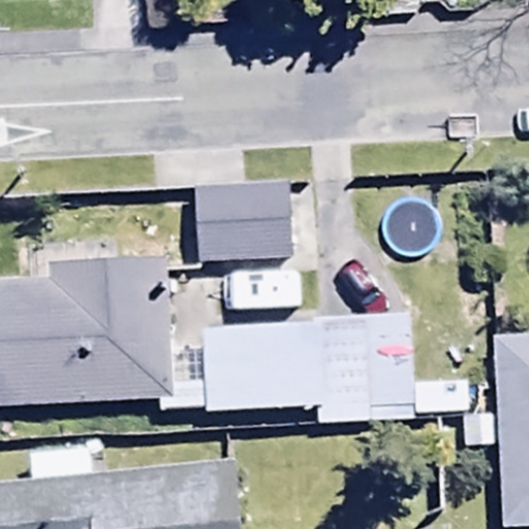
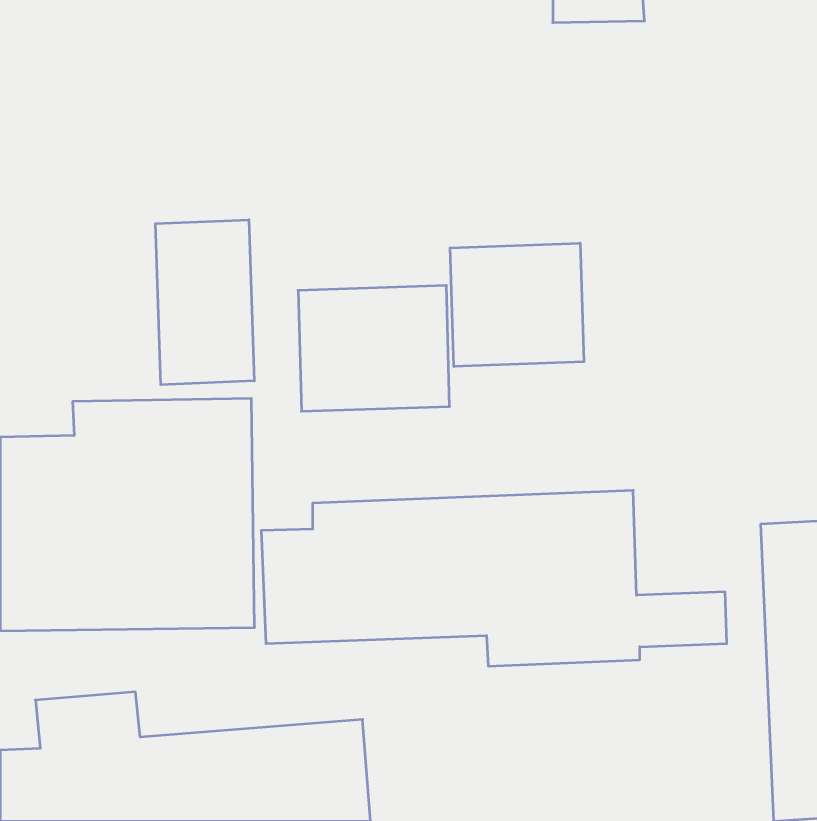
building: none -> [156,220,254,385]
building: none -> [450,243,584,367]

